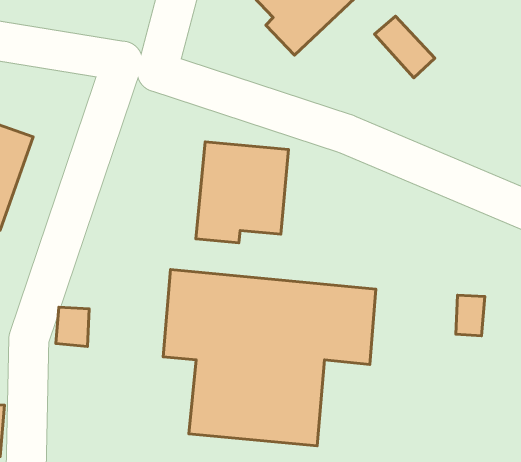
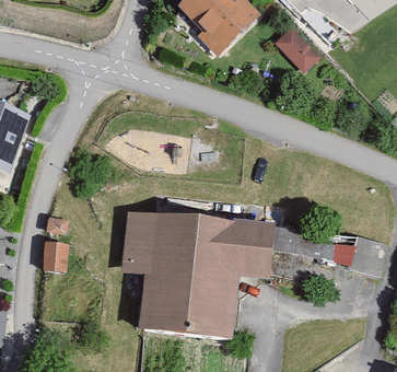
building: [196,142,289,243] -> none

